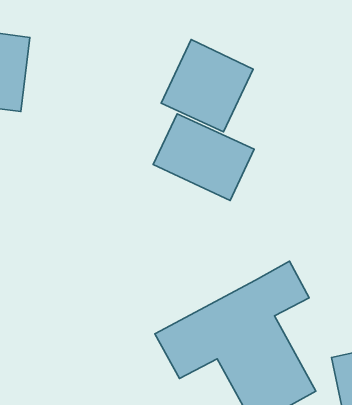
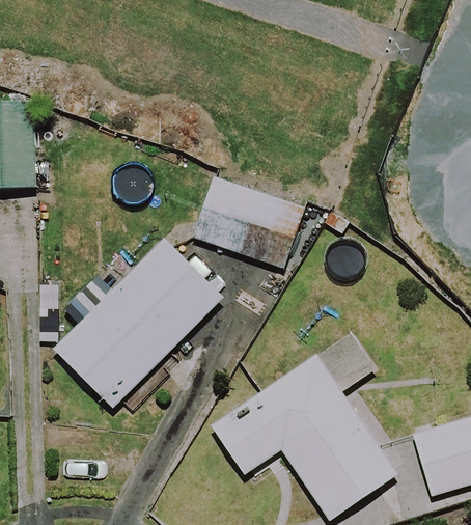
building: [161,40,253,132] -> none
building: none -> [54,240,222,407]

